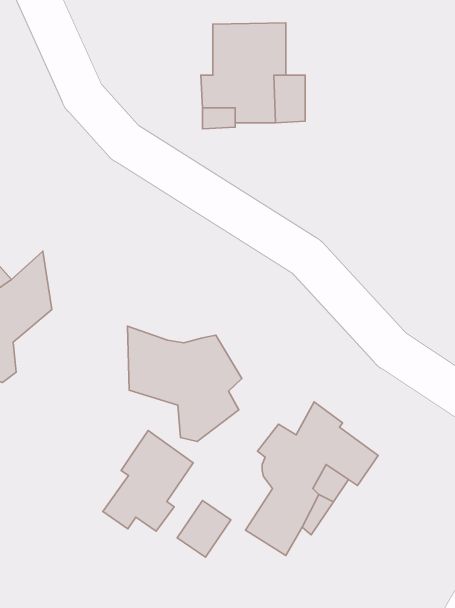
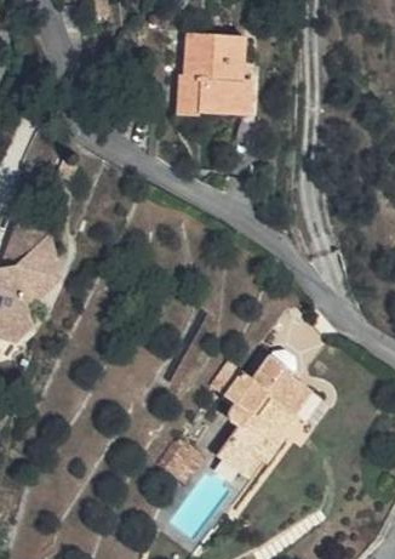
building: [128,326,242,442] -> none
building: [103,430,193,531] -> none

